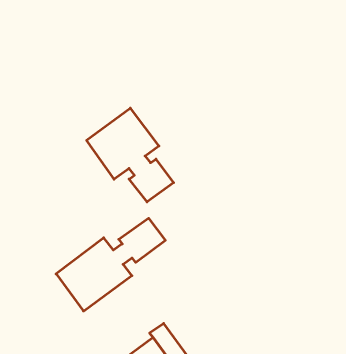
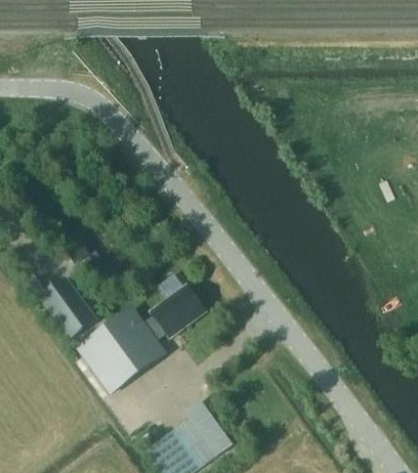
building: [87,108,174,202] -> none
building: none -> [37,274,96,338]

